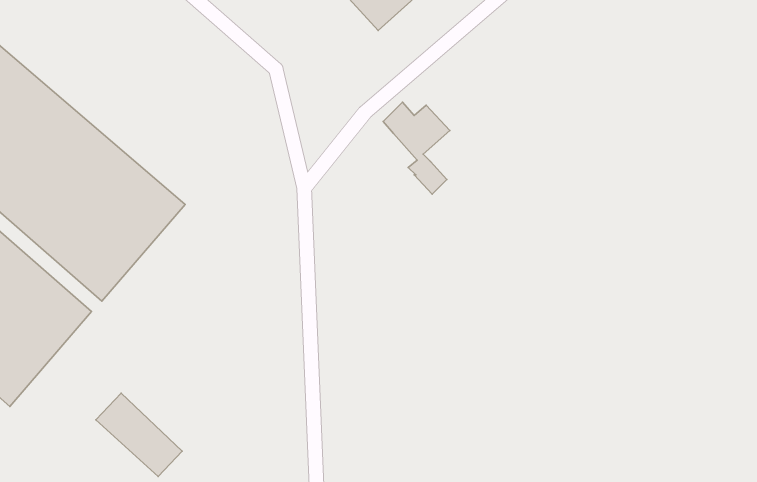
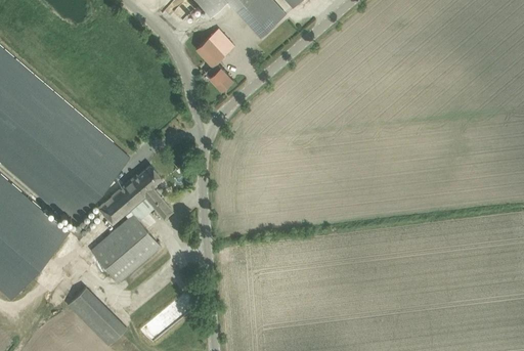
building: [383,102,450,194] -> [188,27,234,90]
building: none -> [90,165,172,281]

